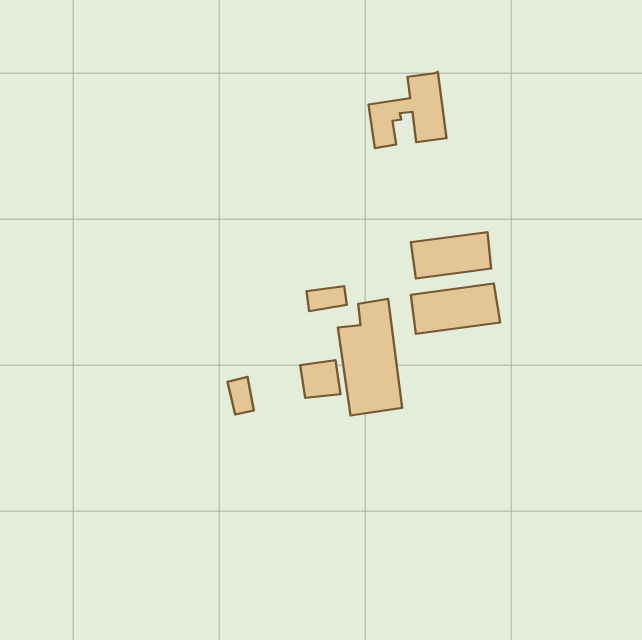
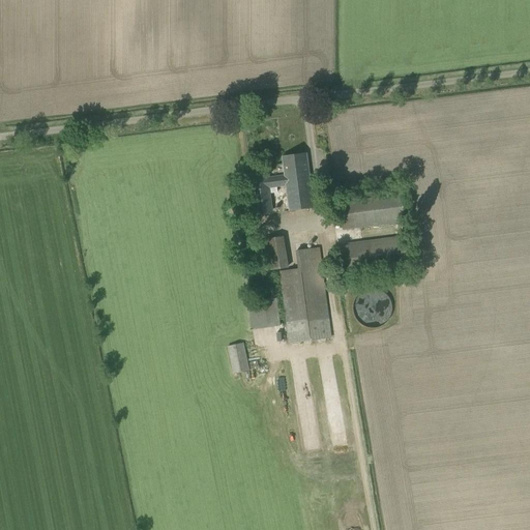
building: [369,72,446,148] -> [251,152,315,215]
building: none -> [353,288,392,327]
building: [228,377,254,414] -> [227,342,248,373]

